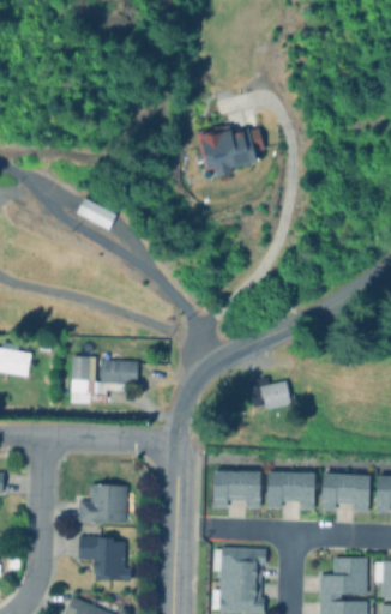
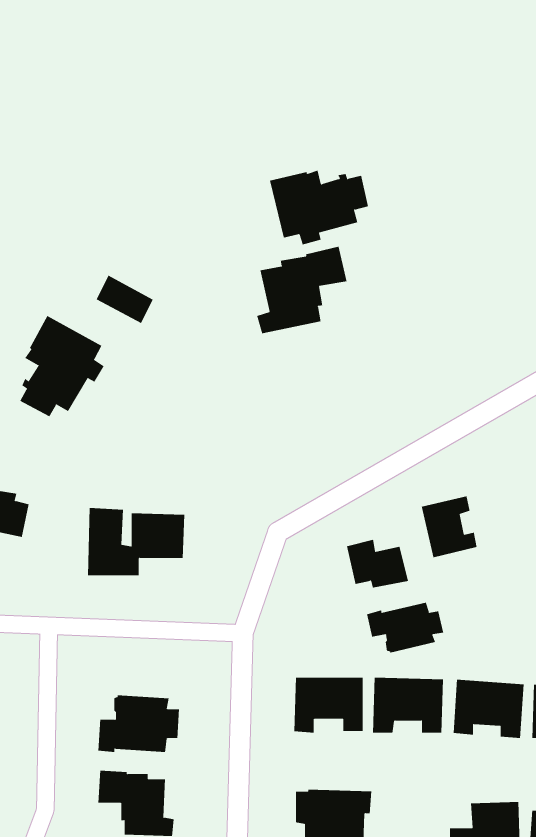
building: none -> [257,246,347,334]
building: none -> [19,315,105,417]
building: none -> [421,495,477,558]
building: none -> [366,602,444,653]

